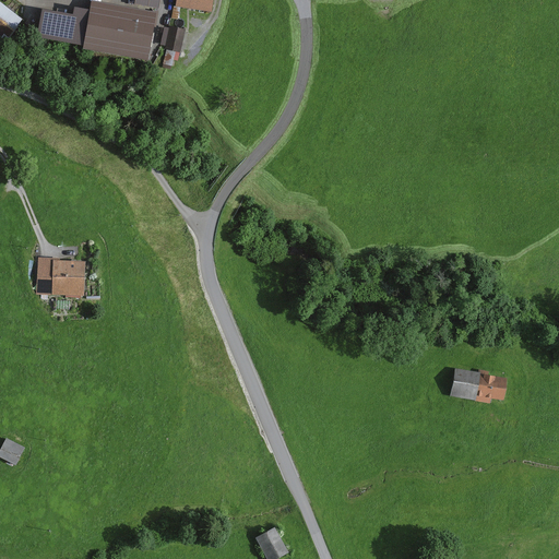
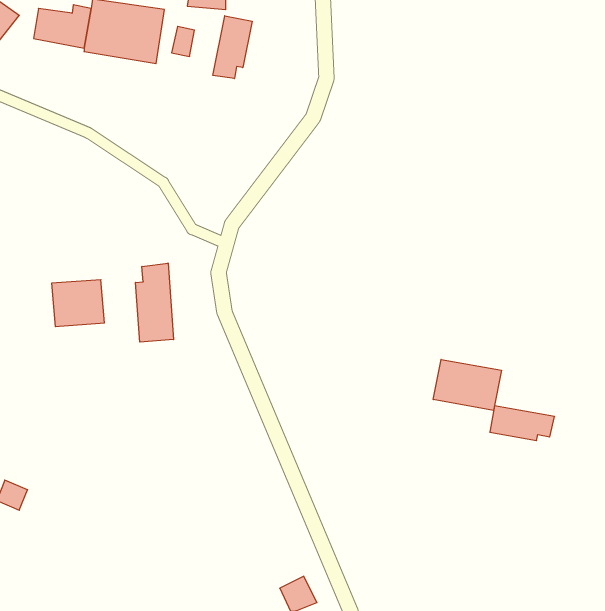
building: none -> [213,16,252,79]
building: none -> [136,263,174,342]
building: none -> [433,359,501,410]

